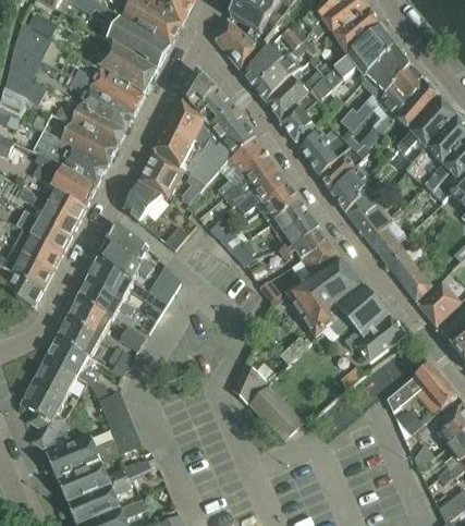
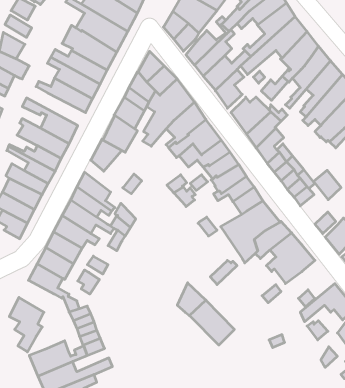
building: [32,112,117,163] -> none
building: [387,250,421,288] -> [313,170,341,200]
building: [33,358,77,399] -> none

